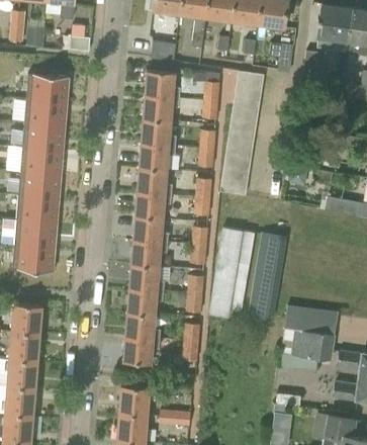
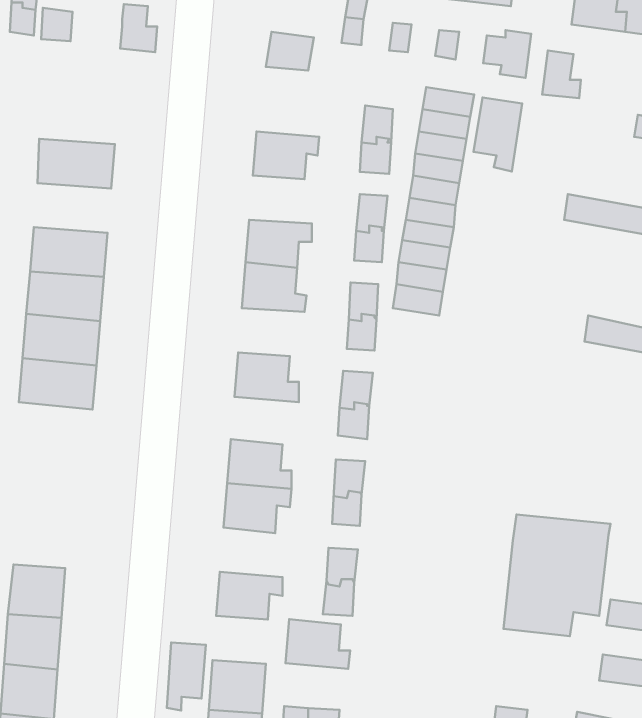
building: [145,70,180,98] -> none
building: [25,74,69,102] -> none
building: none -> [474,97,522,172]
building: [141,119,176,146] -> none
building: [22,123,65,151] -> none
building: [134,192,171,218] -> none
building: [209,228,288,319] -> none
building: [130,241,168,267] -> none
building: [12,244,55,272] -> none
building: [11,303,42,335] -> none
building: [124,313,160,340] -> [286,619,350,669]
building: none -> [167,642,206,710]

